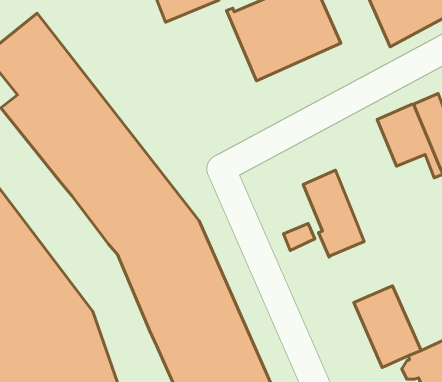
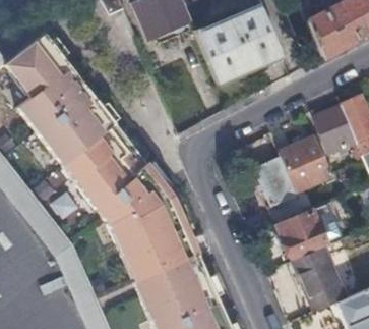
building: none -> [275,135,330,191]
building: none -> [273,208,323,258]

